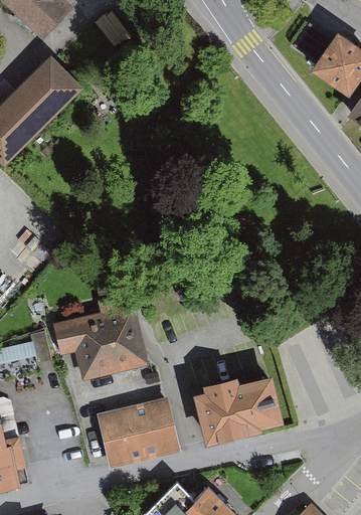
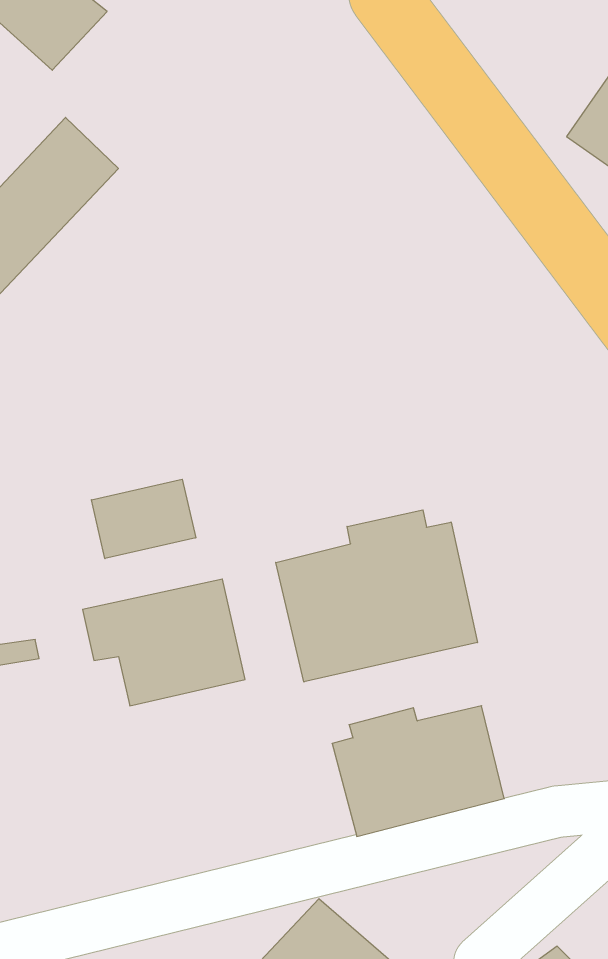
building: none -> [91,479,196,559]
building: none -> [276,510,477,682]
building: [102,398,178,463] -> none

